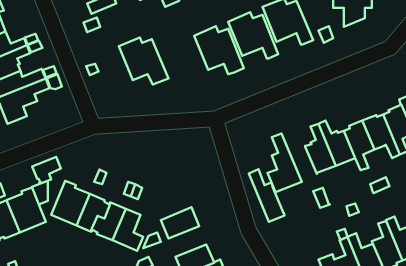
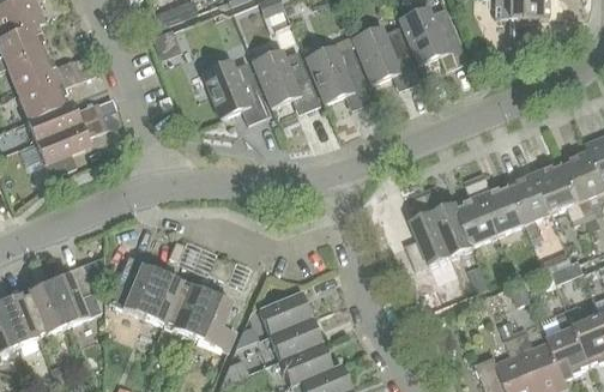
building: none -> [252,48,320,111]
building: [32,157,61,184] -> none
building: [249,169,285,222] -> [424,185,473,257]
building: none -> [270,318,321,360]

